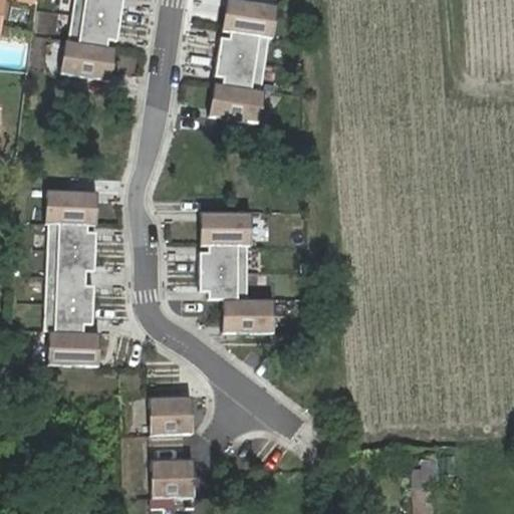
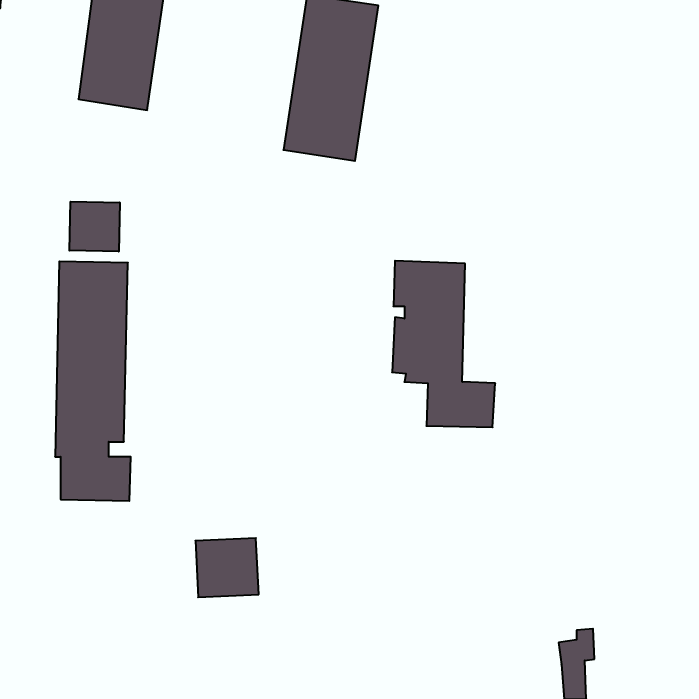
building: none -> [69,202,120,252]
building: [198,212,273,333] -> [392,261,495,427]
building: [149,459,195,503] -> none

